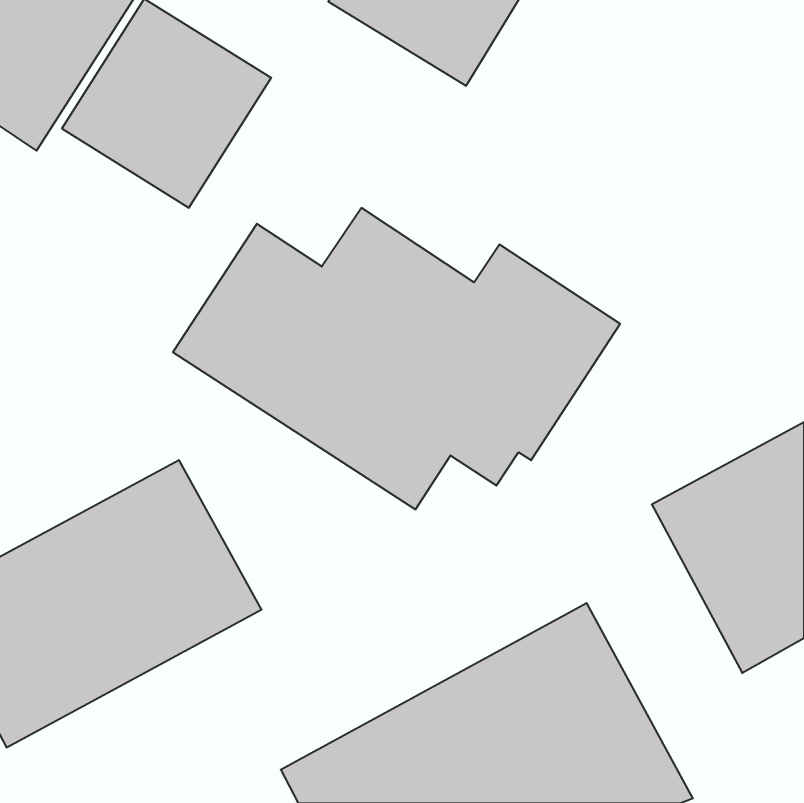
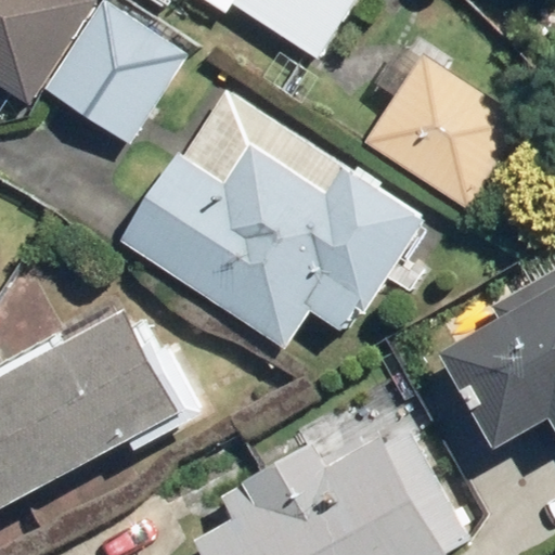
building: none -> [365,48,526,205]

